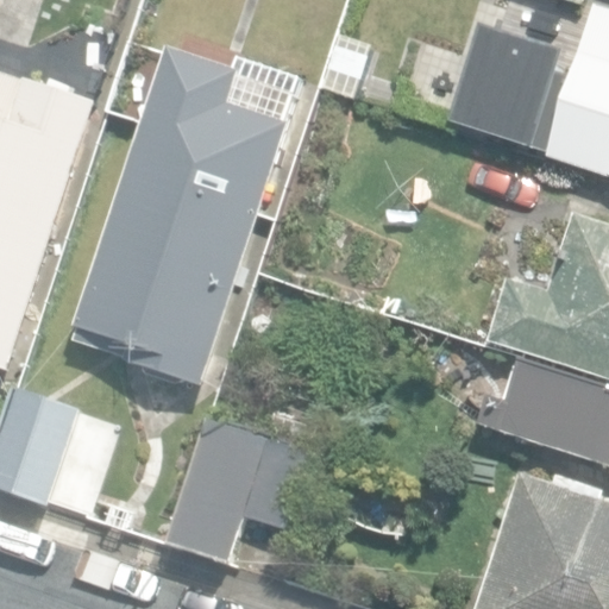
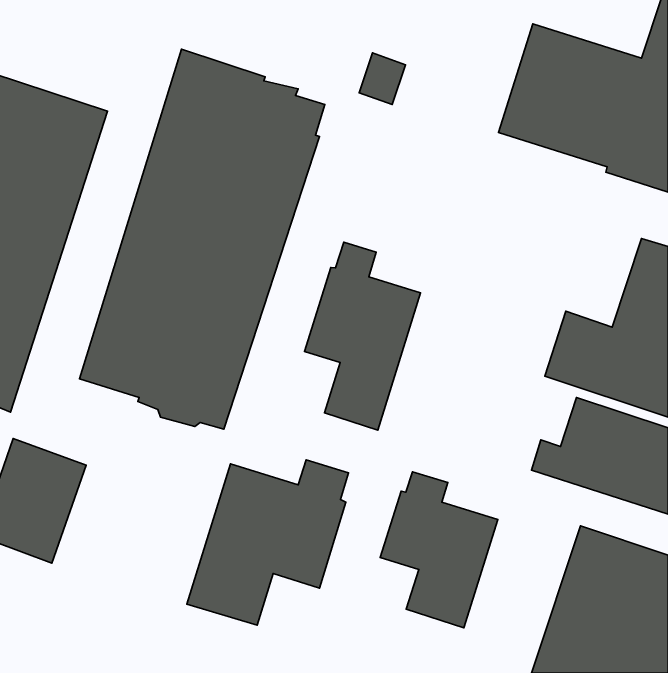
building: none -> [305,242,421,430]
building: none -> [380,472,498,628]

